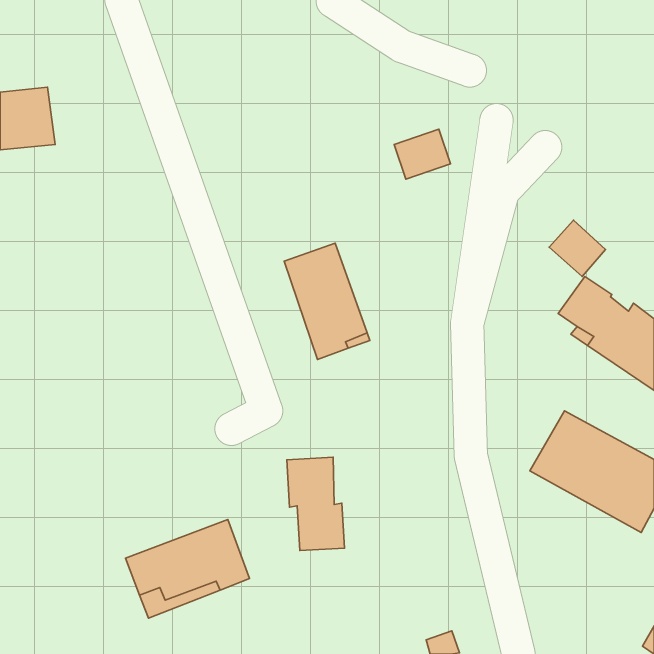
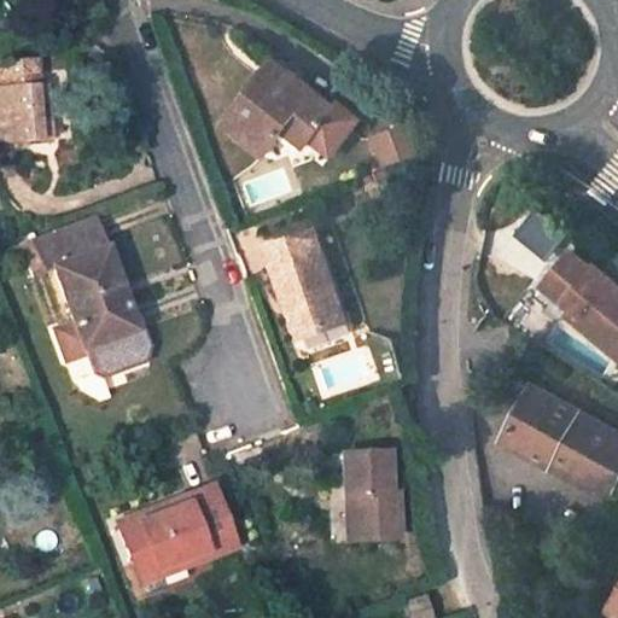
building: none -> [226,58,361,153]
building: none -> [35,216,148,367]
building: [287,457,345,551] -> [343,451,397,540]

